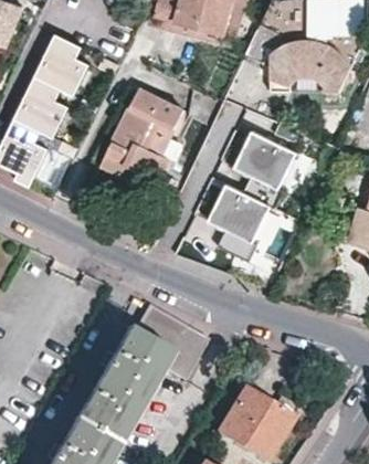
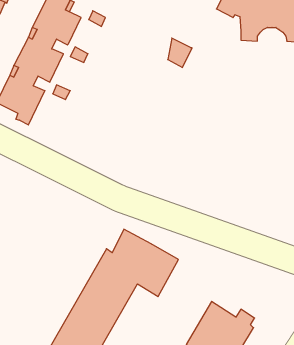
building: [106,93,186,182] -> none
building: [211,131,299,263] -> none

